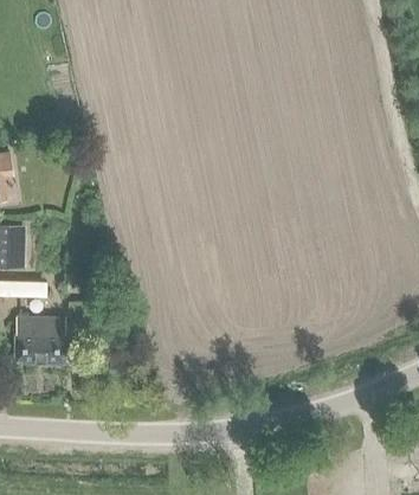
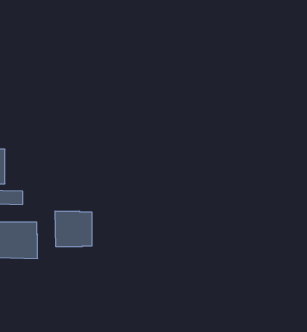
building: none -> [55,211,92,247]

